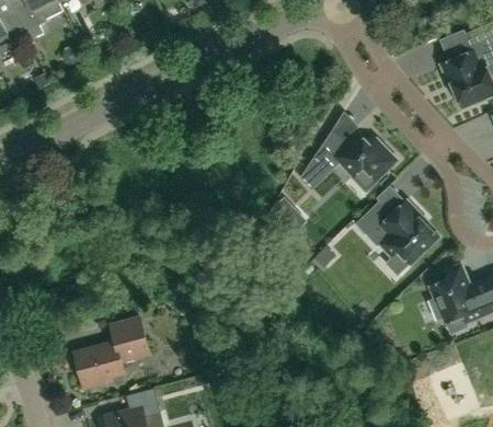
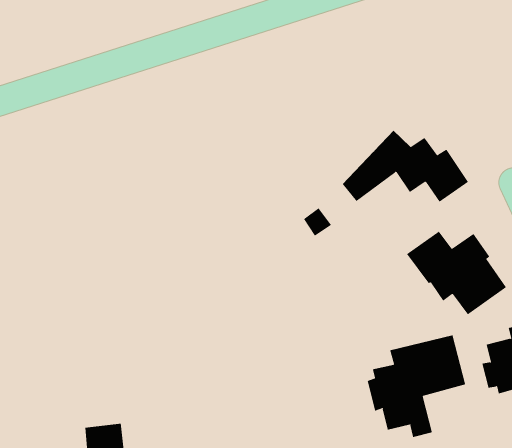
building: none -> [367,334,466,438]
building: [74,316,149,389] -> none

